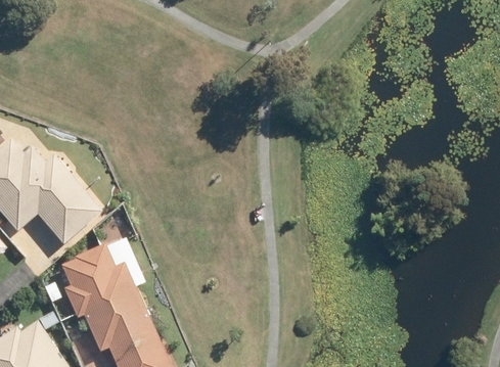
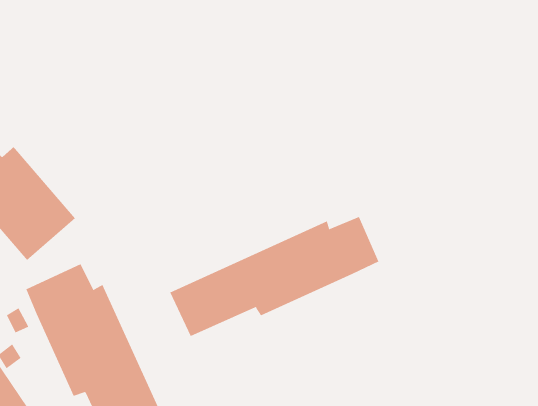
building: none -> [169,216,379,337]

